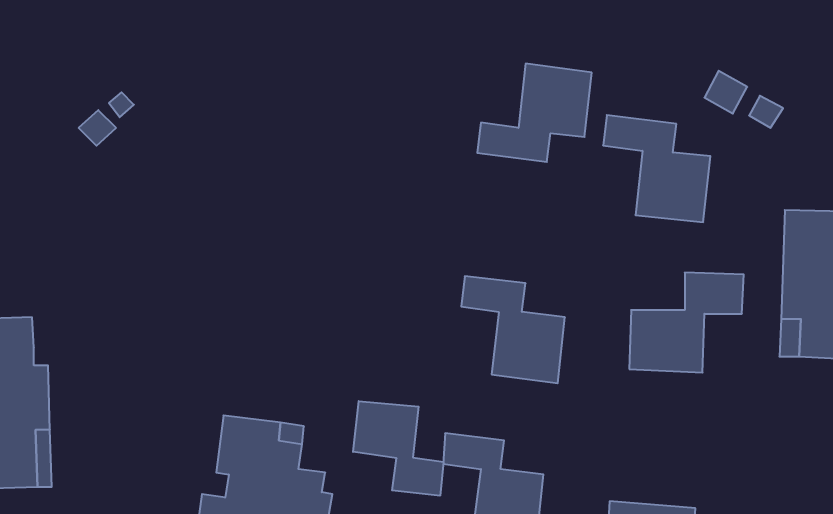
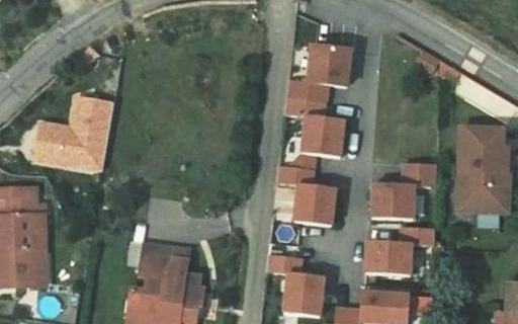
building: [603,115,710,222] -> [284,95,345,156]
building: none -> [35,97,112,168]
building: none -> [365,226,435,274]
building: [353,401,443,496] -> none

